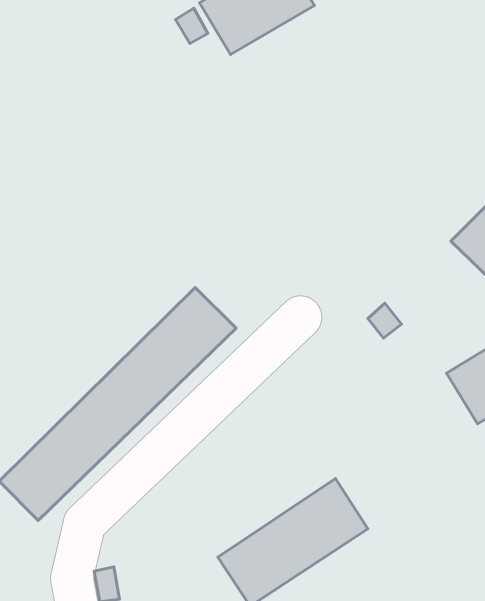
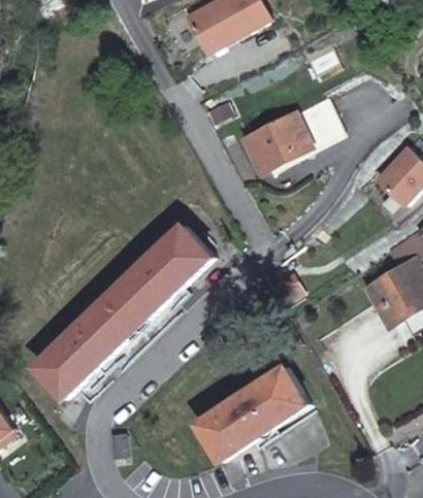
building: none -> [243,94,340,173]

